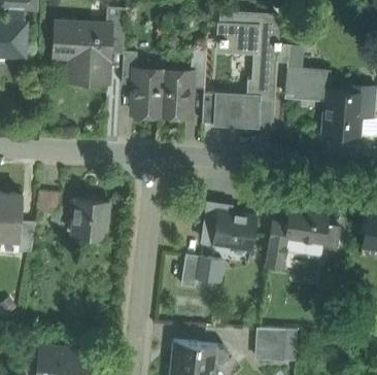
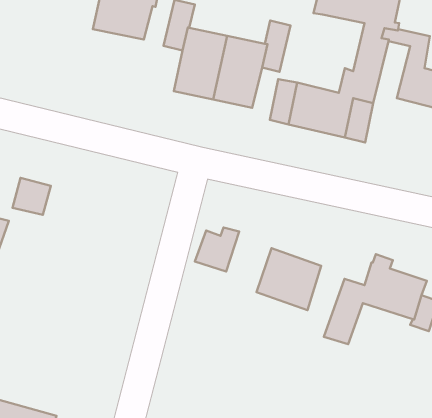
building: [72,199,108,239] -> none
building: [196,253,222,283] -> [195,227,239,272]

